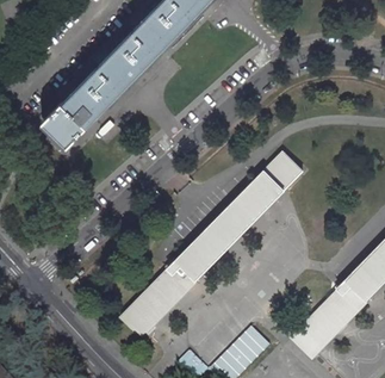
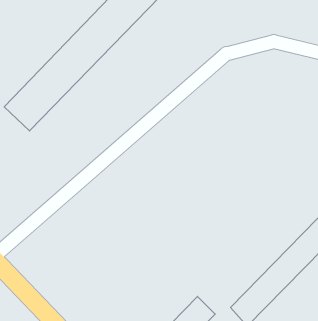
building: [122,149,303,336] -> none

